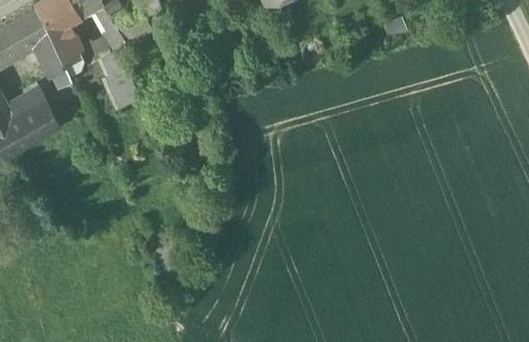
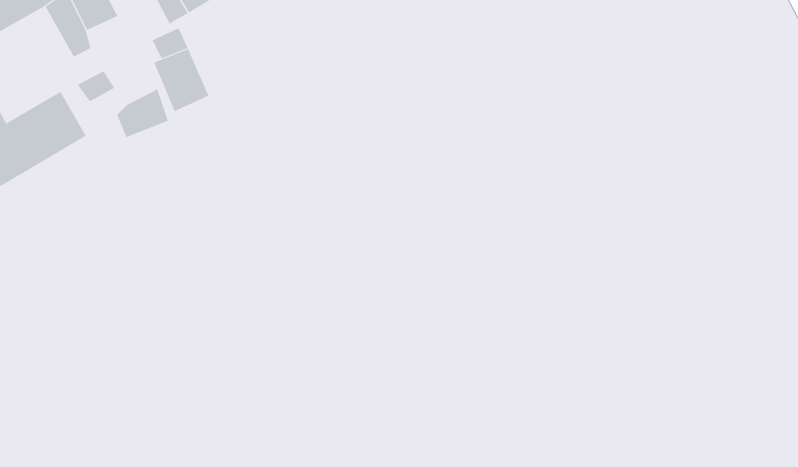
building: none -> [116,88,168,138]

